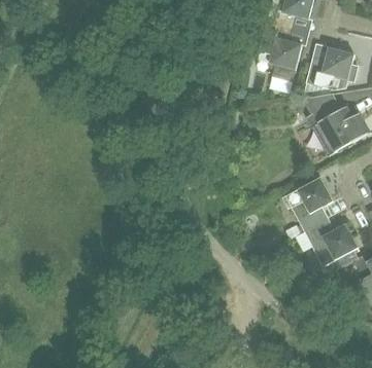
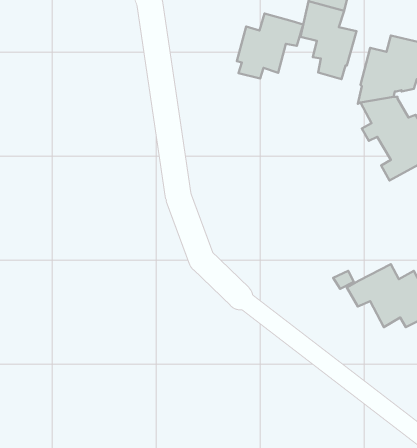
building: none -> [237,14,303,79]
building: [292,177,334,230] -> none

